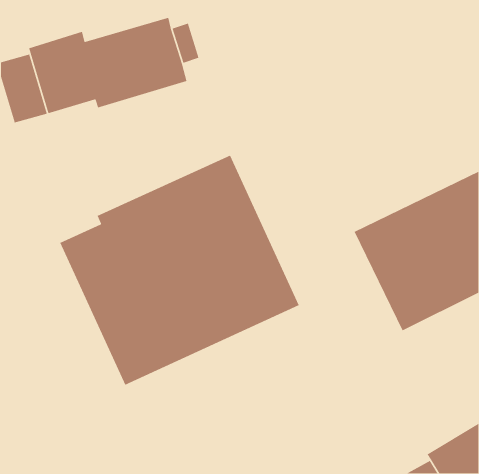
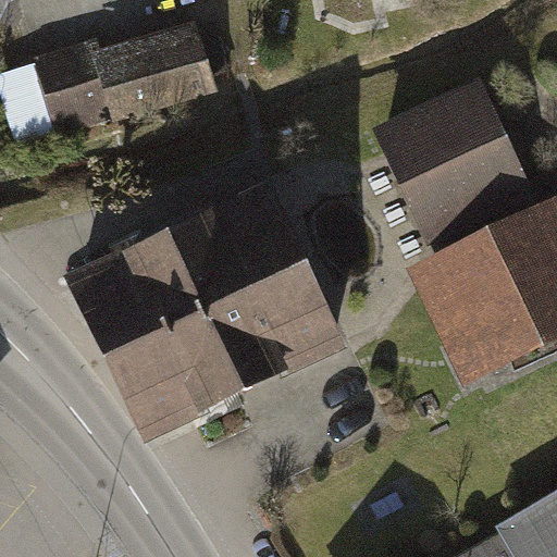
building: none -> [377,78,532,239]

